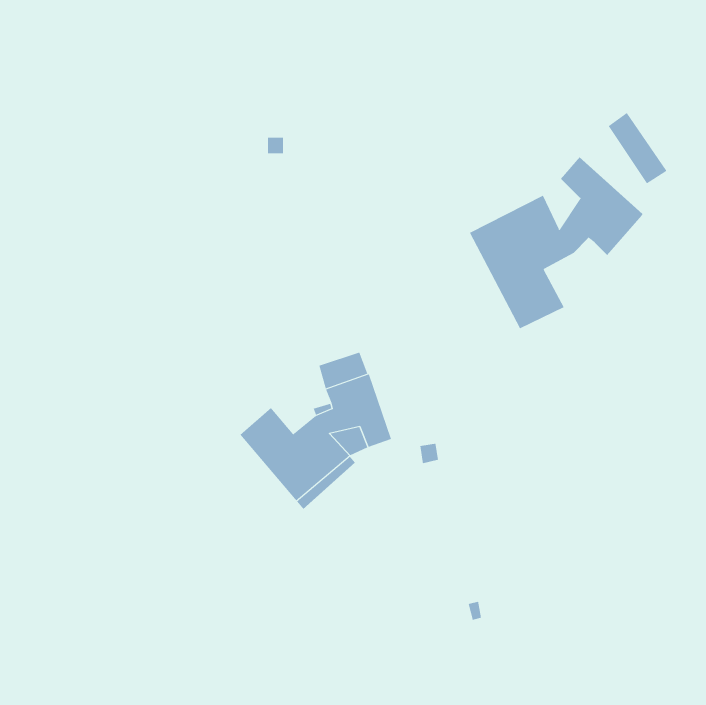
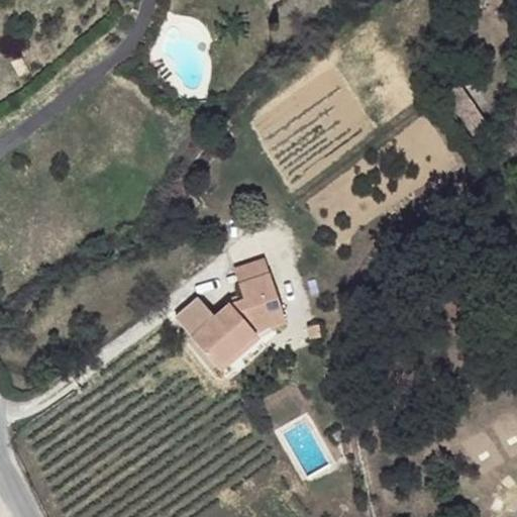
building: [469,157,643,329] -> none

